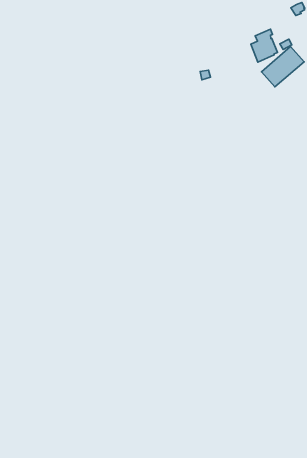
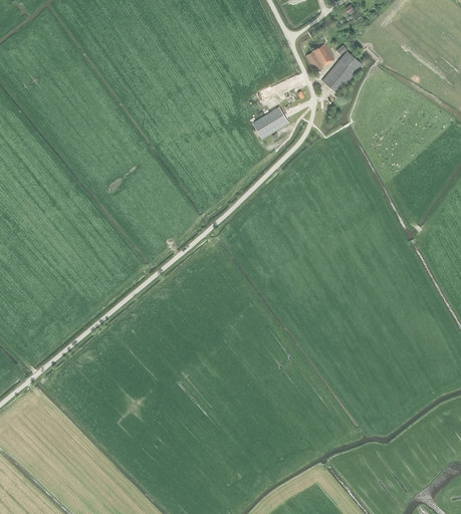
building: none -> [251,106,287,139]

